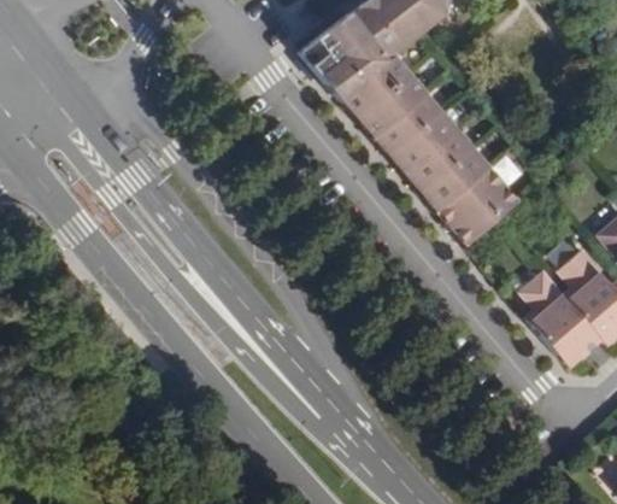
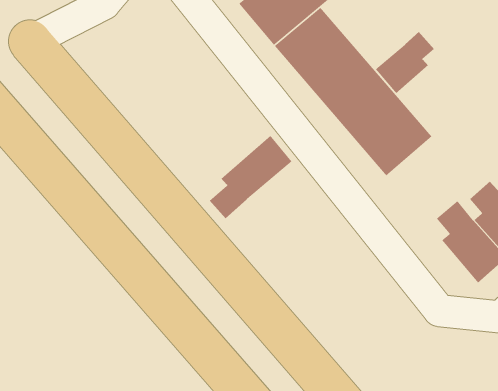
building: none -> [375,31,435,94]
building: none -> [209,135,292,219]

